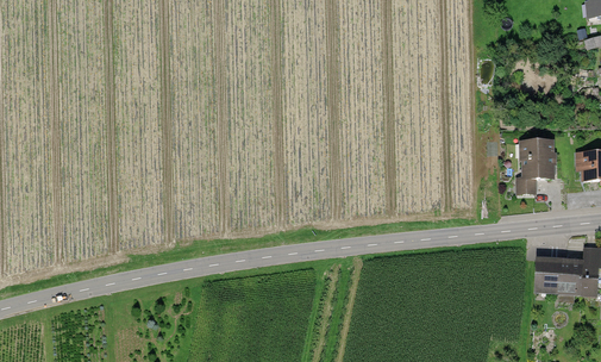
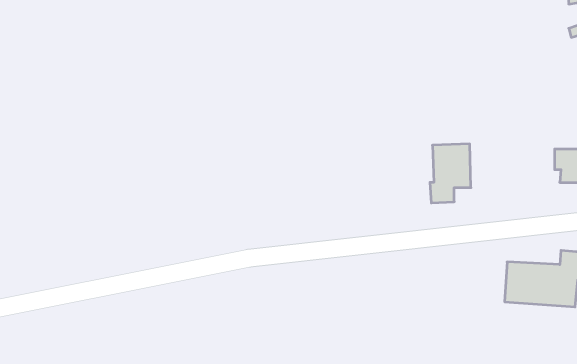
building: [517,139,555,194] -> [430,144,471,203]

